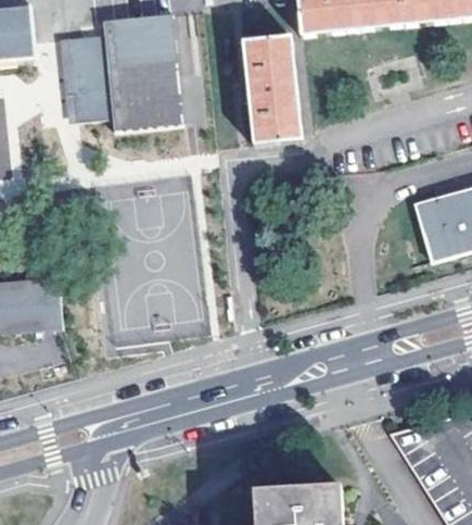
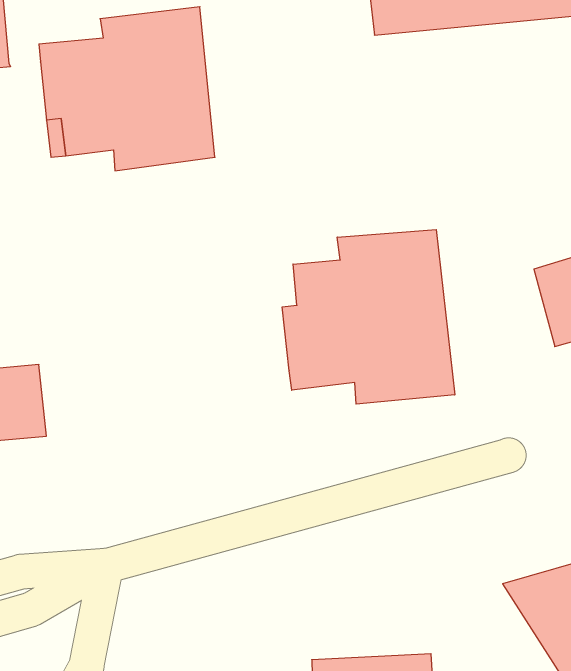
building: [238,36,301,146] -> none
building: none -> [282,230,455,404]

